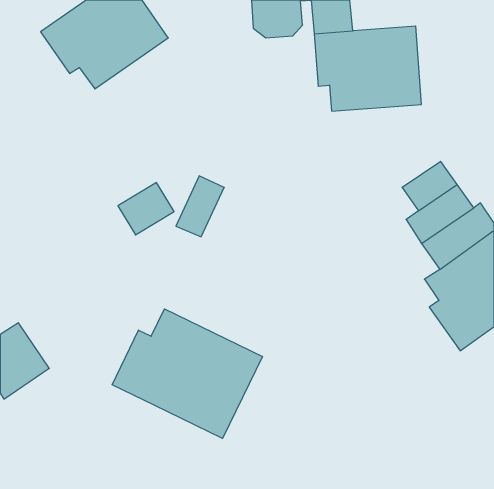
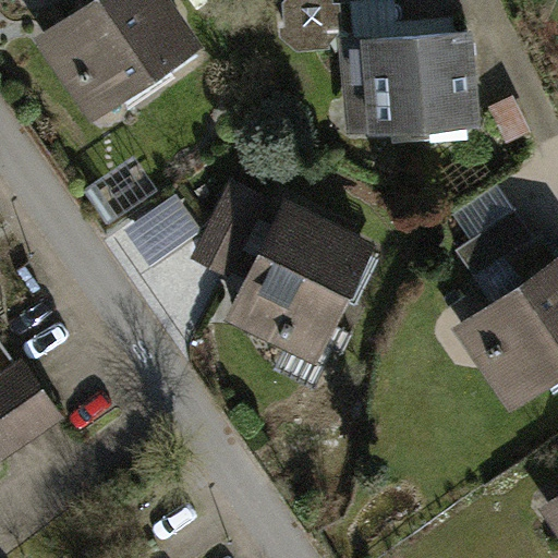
building: none -> [235,213,365,343]
building: [112,309,262,438] -> none

